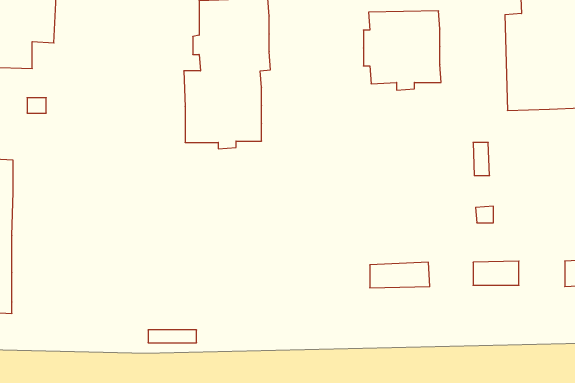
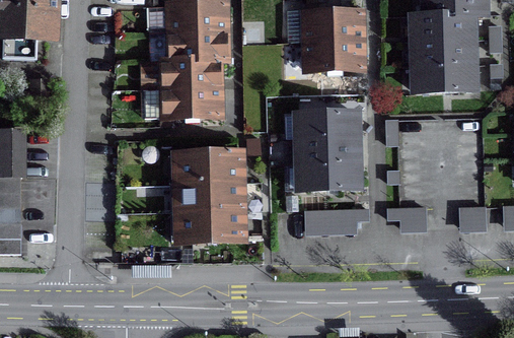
building: none -> [285,112,357,190]
building: none -> [176,153,241,241]

